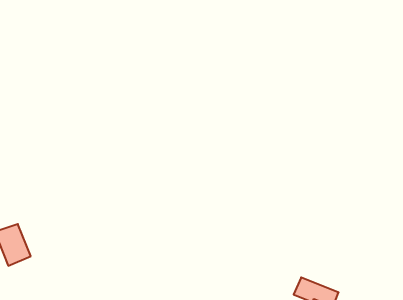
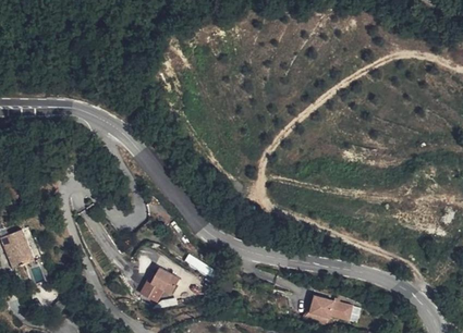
building: none -> [130,267,172,298]

